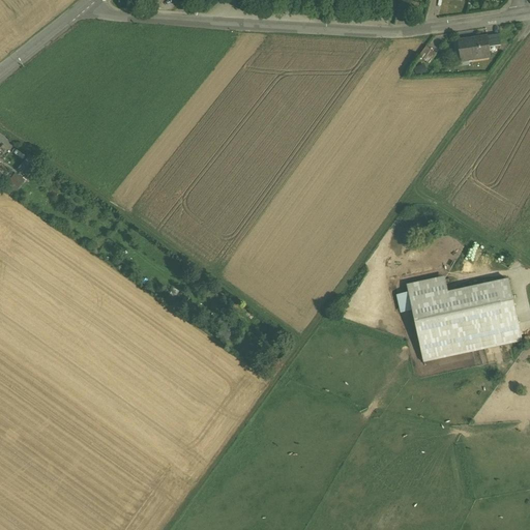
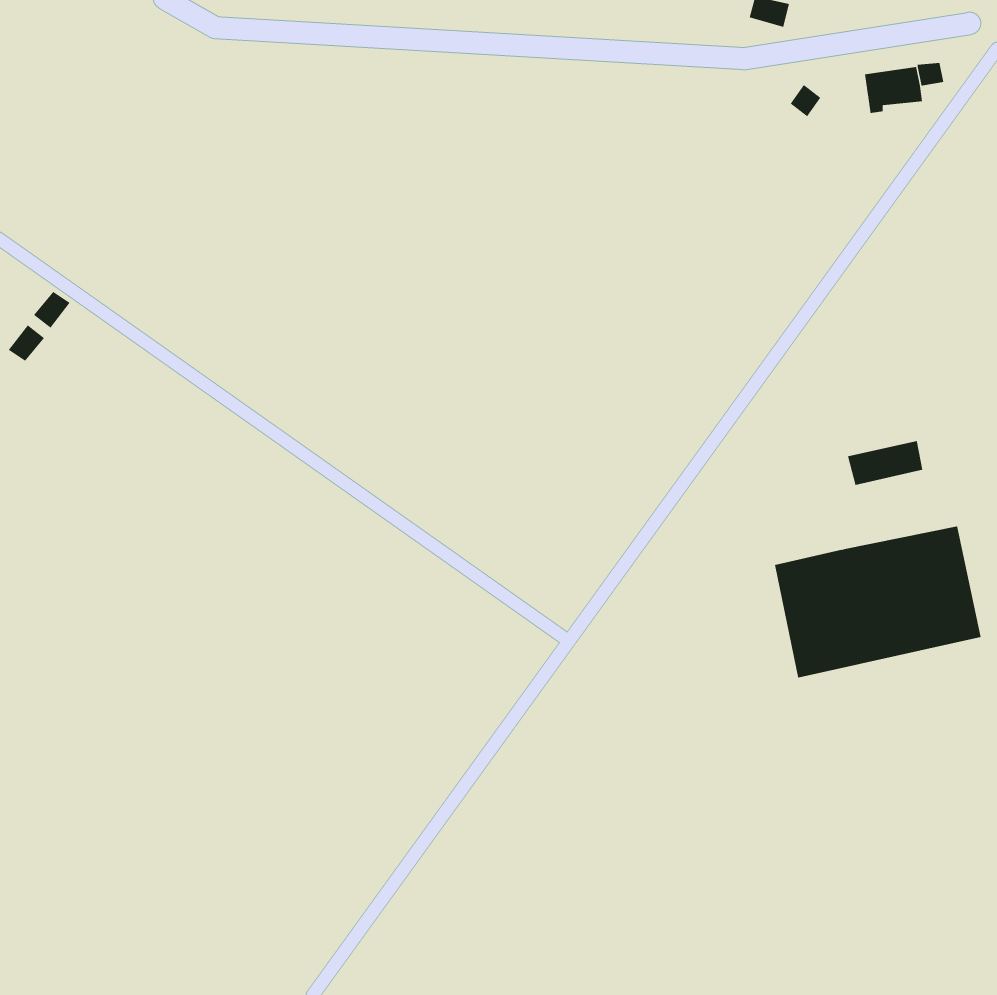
building: [406,275,446,299] -> [847,441,923,486]

